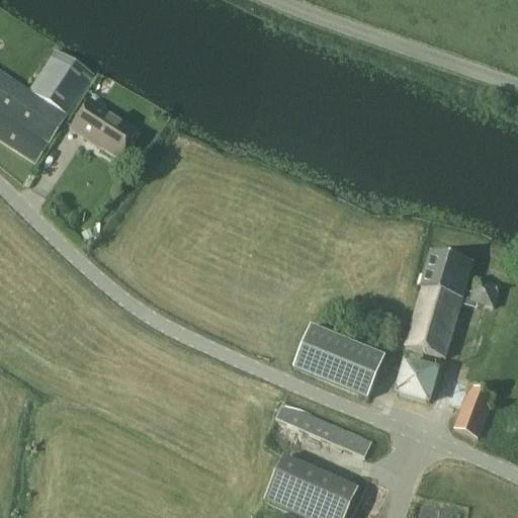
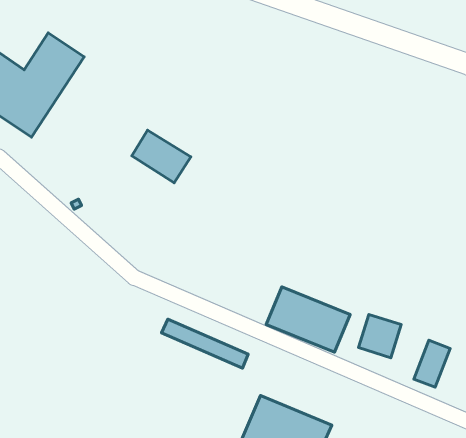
building: [70,99,135,157] -> [132,130,191,183]
building: [406,249,499,355] -> none
building: [275,403,370,456] -> [161,319,248,368]

